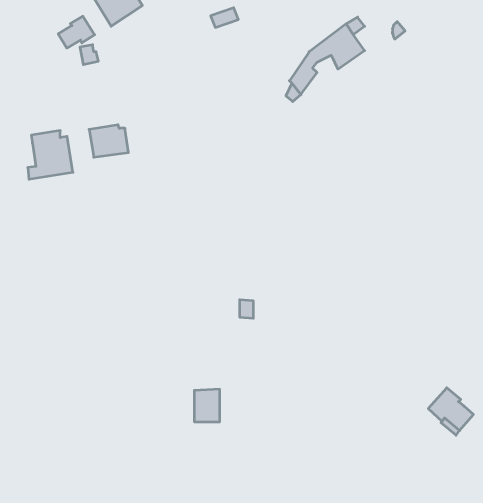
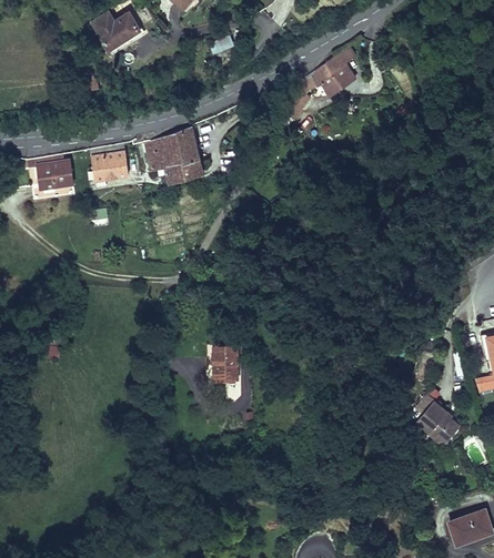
building: [58,16,95,48] -> none
building: none -> [145,126,202,180]
building: [194,389,220,422] -> [213,346,238,377]

